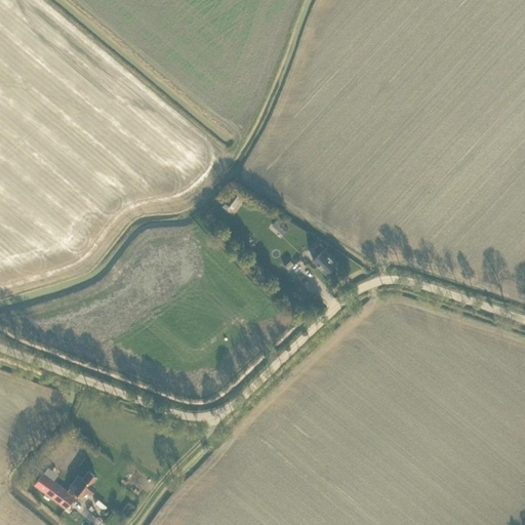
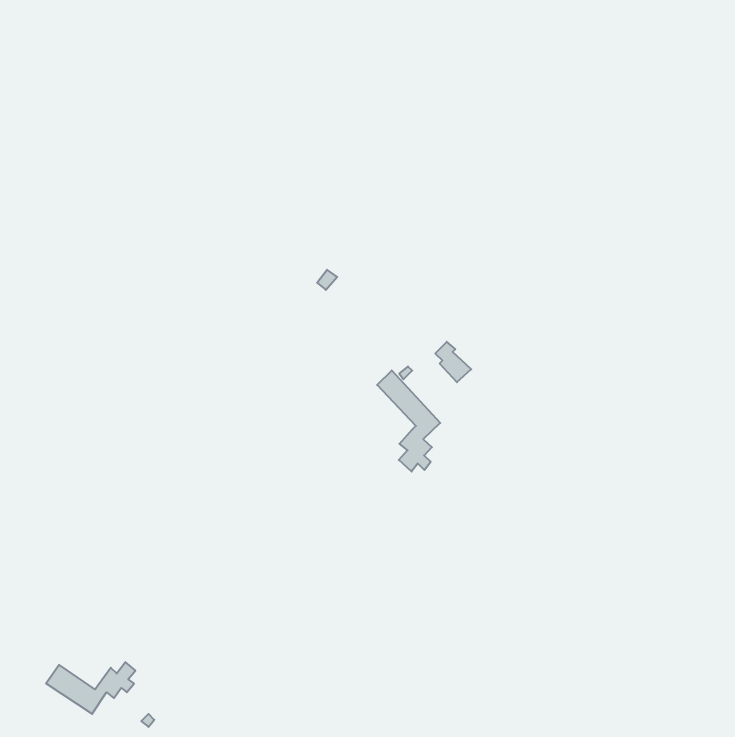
building: none -> [377,370,440,472]

